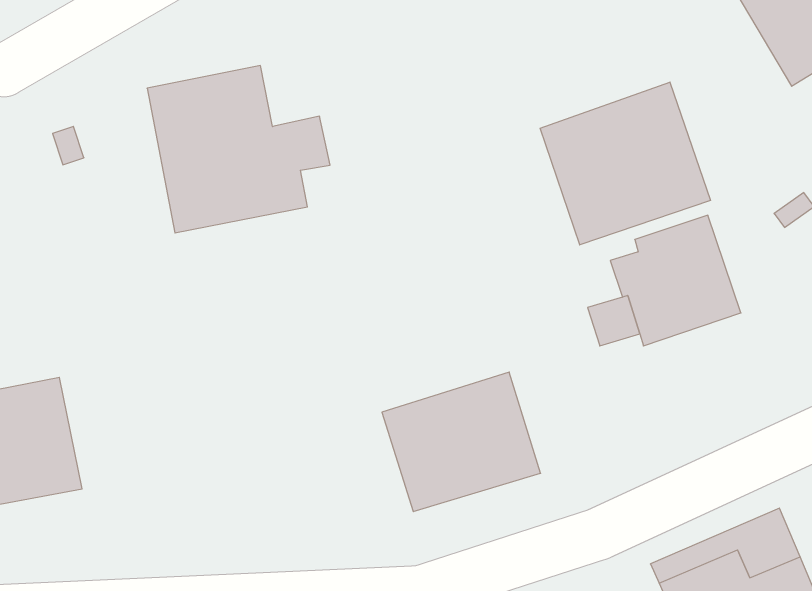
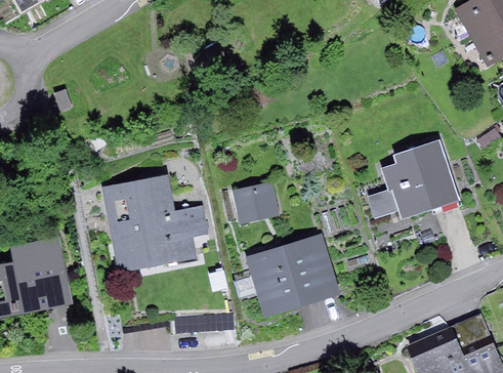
building: [147,66,330,233] -> [101,174,209,273]
building: [540,82,711,245] -> none
building: none -> [232,181,279,223]

